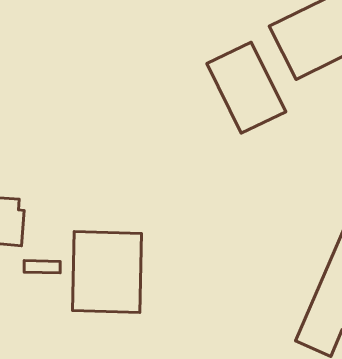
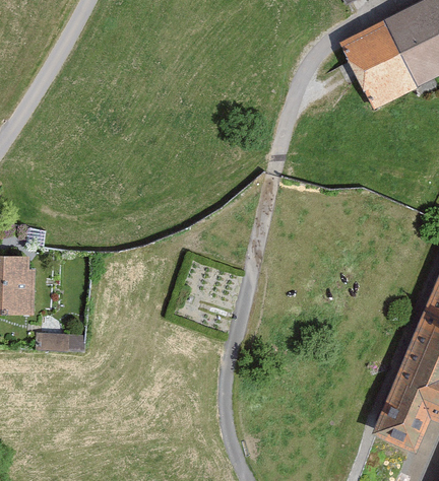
building: [207,42,286,133] -> none
building: [72,231,142,312] -> none

